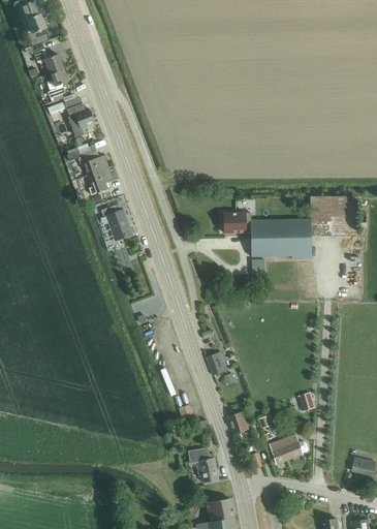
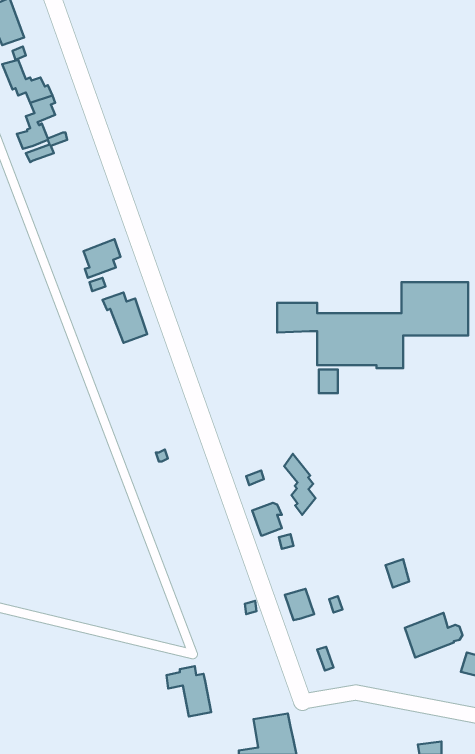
building: [67,104,96,135] -> none
building: [67,146,109,176] -> none
building: none -> [284,454,315,515]
building: [269,433,309,464] -> [405,613,463,657]
building: [188,447,219,483] -> [167,666,211,717]

